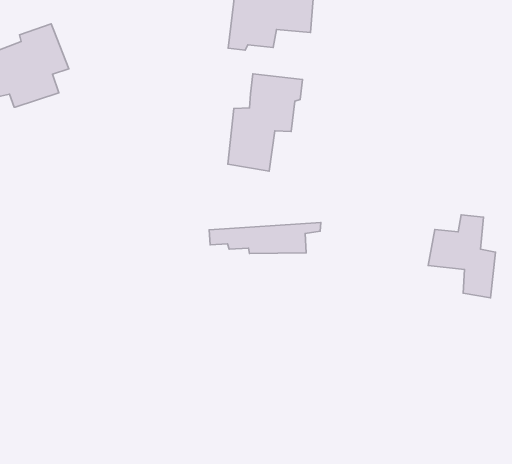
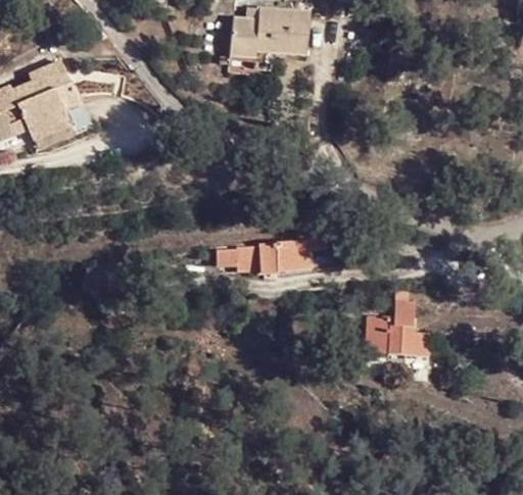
building: [228,74,302,171] -> none
building: [428,215,495,298] -> [367,300,430,378]

